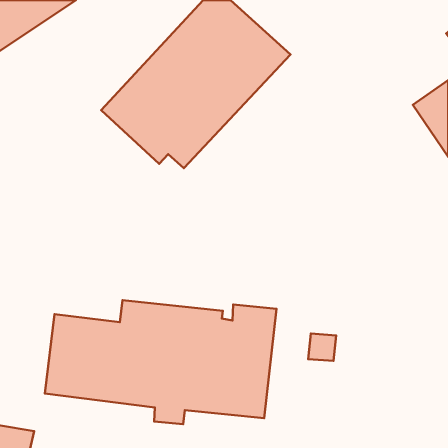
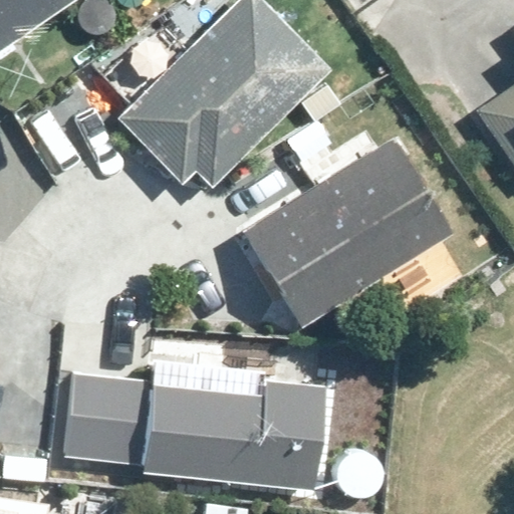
building: none -> [242,143,450,330]

